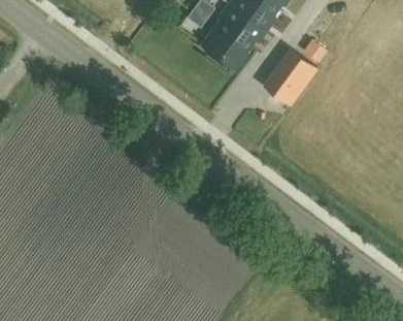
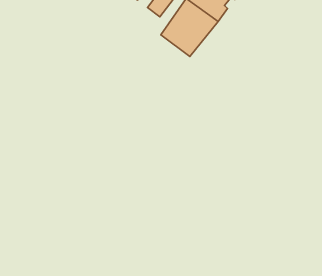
building: [265,52,315,104] -> none

